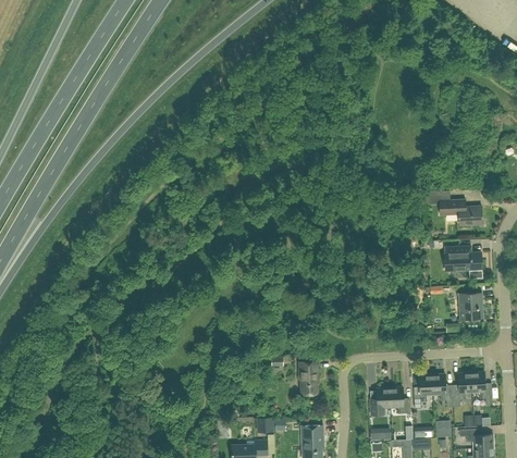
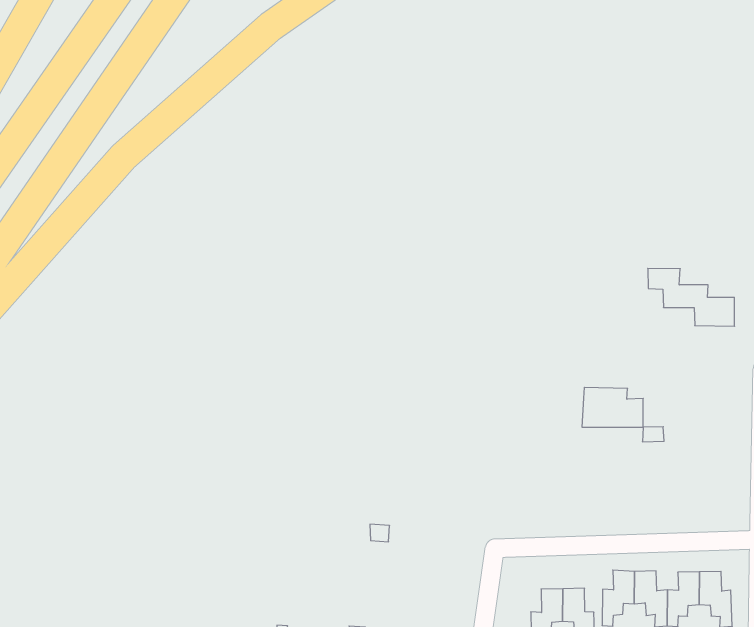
building: [444,247,481,272] -> [582,387,643,427]
building: [458,293,482,321] -> none
building: [297,362,318,395] -> none

